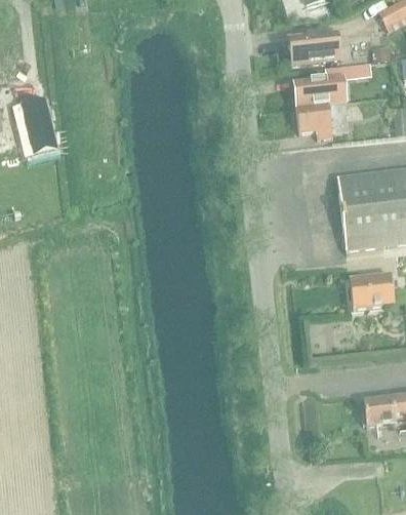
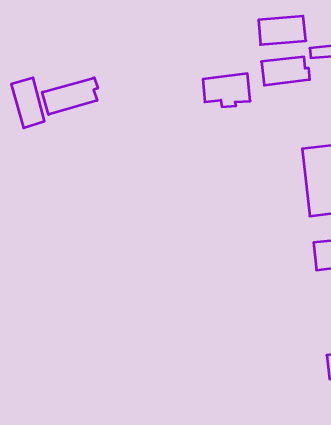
building: none -> [42,78,98,115]
building: [295,101,347,136] -> [203,74,250,107]

